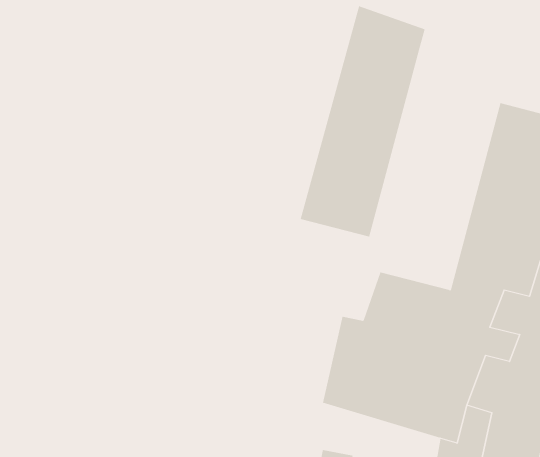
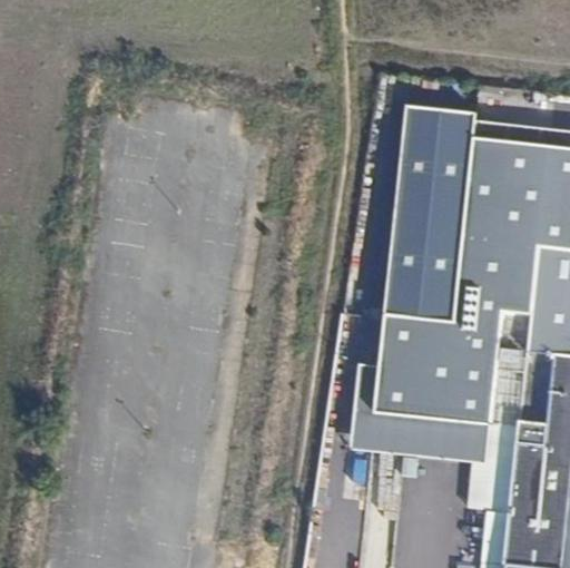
building: [300,5,425,237] -> [393,107,482,321]

